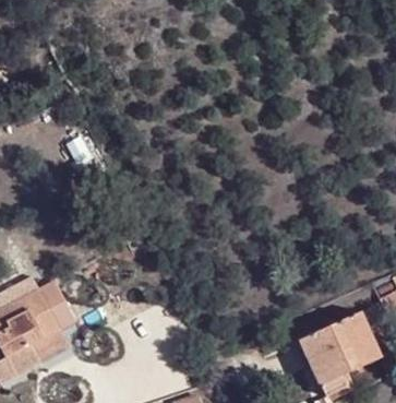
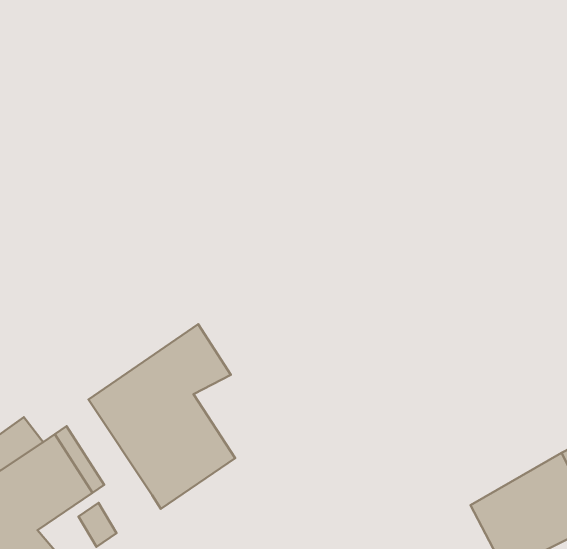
building: none -> [88,324,235,509]

